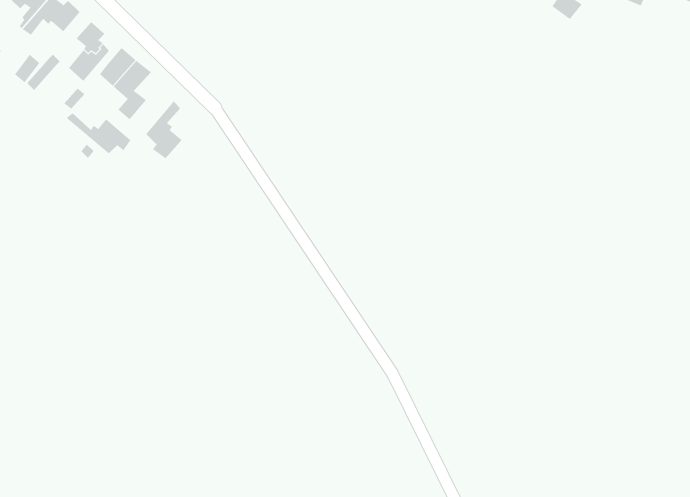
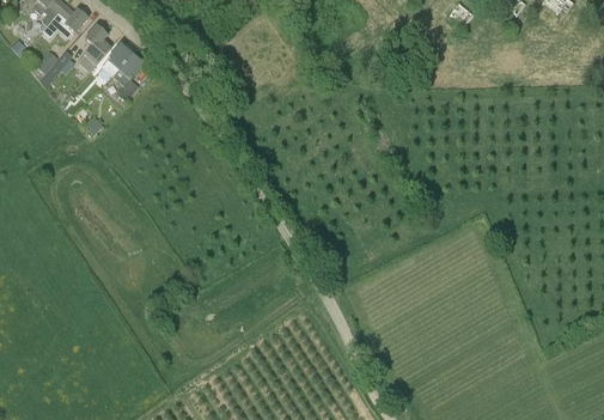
building: [145,101,182,159] -> none
building: [66,113,131,154] -> none

